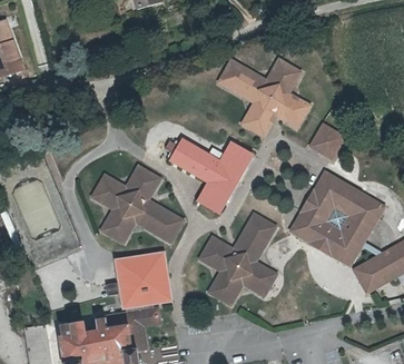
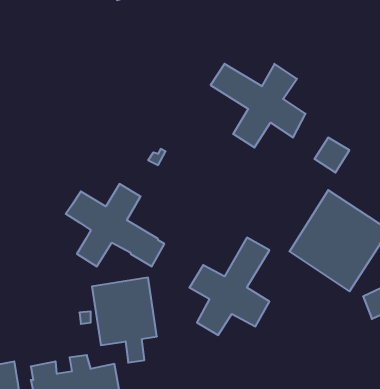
building: [174,138,254,214] -> none

